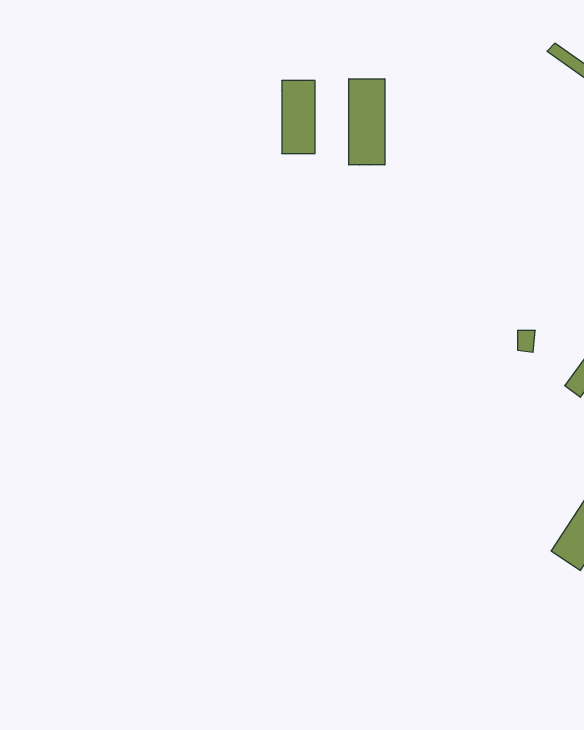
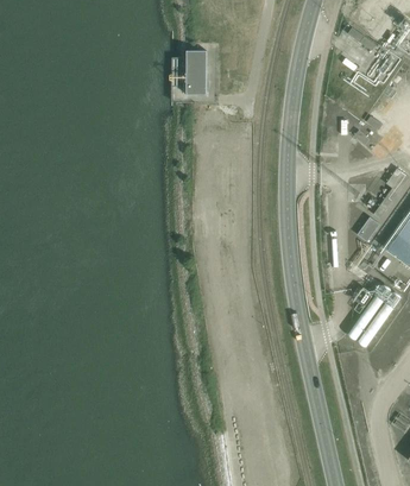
building: [349,79,385,165] -> none

